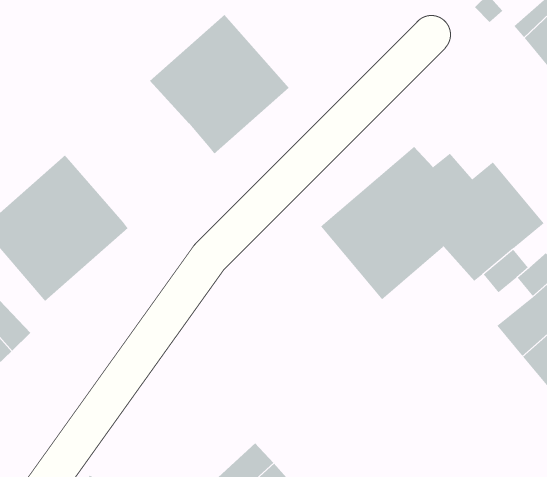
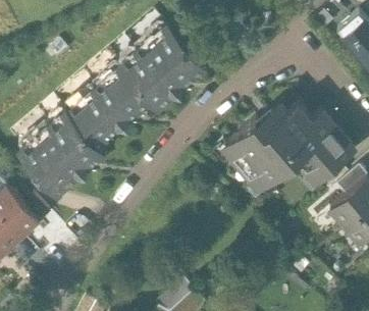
building: none -> [68,62,154,146]

